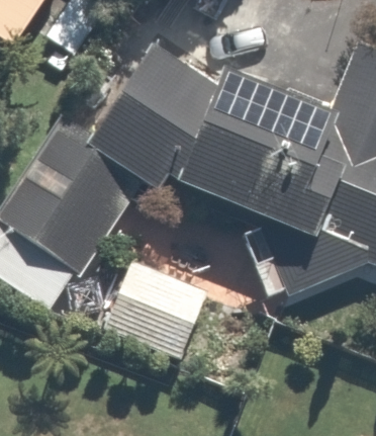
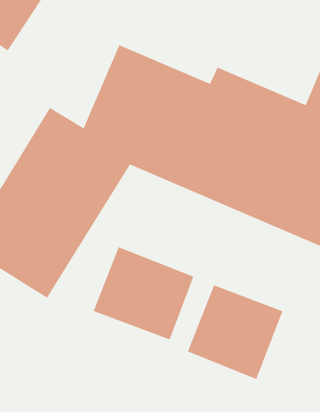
building: none -> [187,284,283,380]

